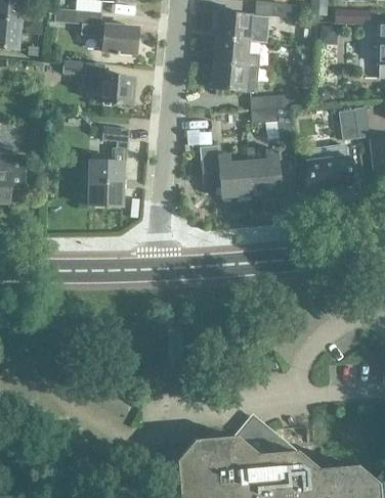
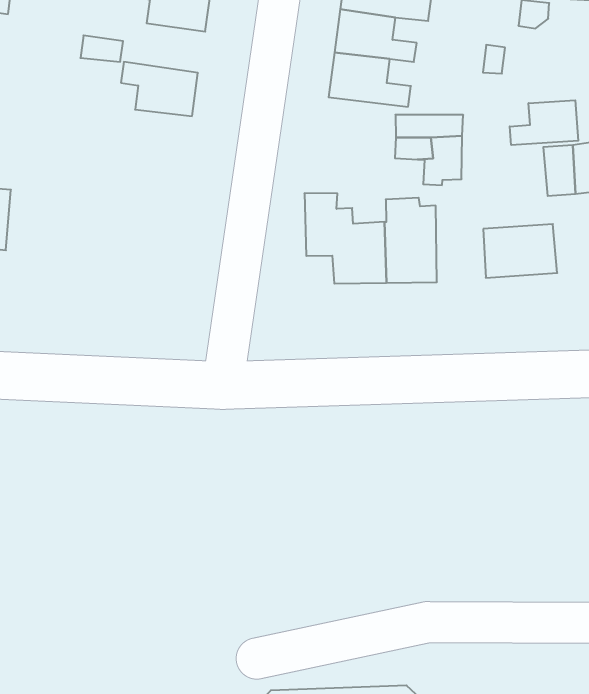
building: none -> [510,100,578,145]
building: [89,126,130,207] -> none

